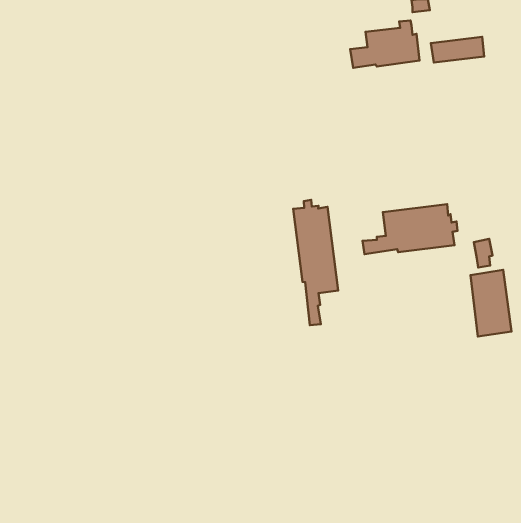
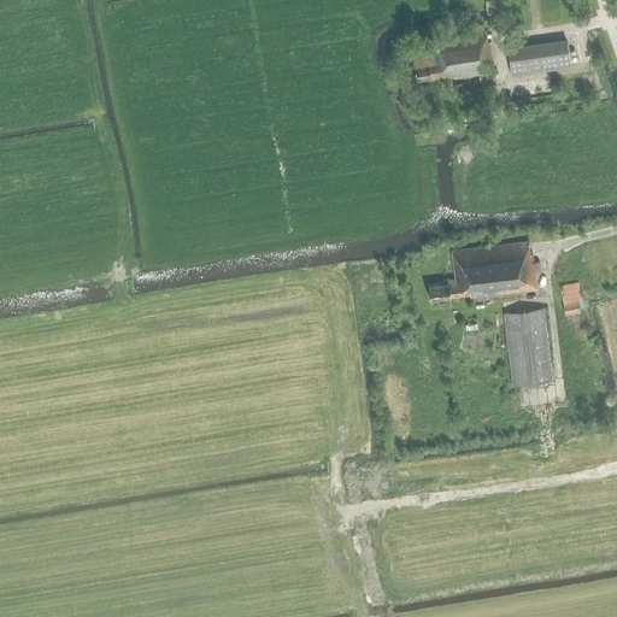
building: [293,200,338,325] -> none
building: [471,270,512,337] -> [504,306,552,384]

